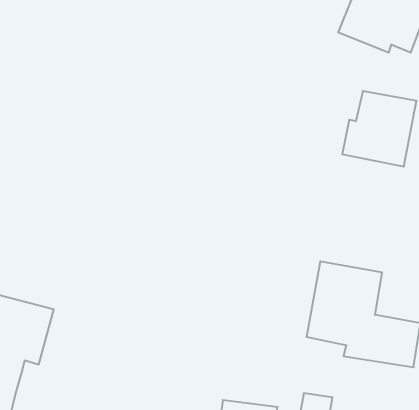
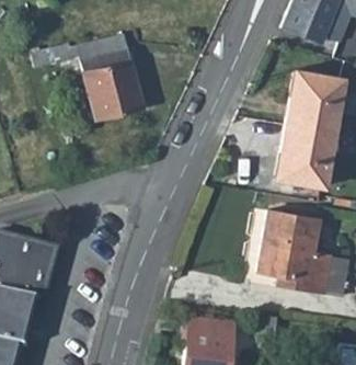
building: none -> [44,34,143,118]
building: none -> [280,124,335,186]

